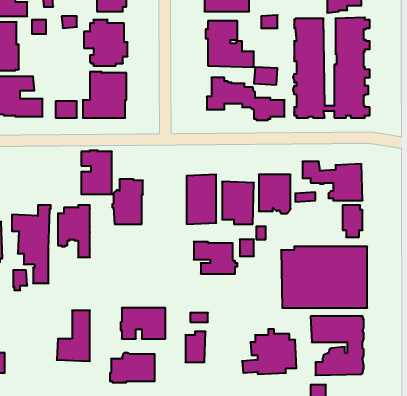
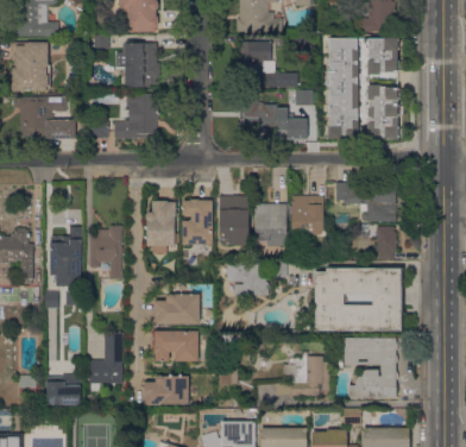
building: [81,150,112,194] -> [181,199,212,243]
building: none -> [153,292,199,323]
building: none -> [43,374,78,404]

